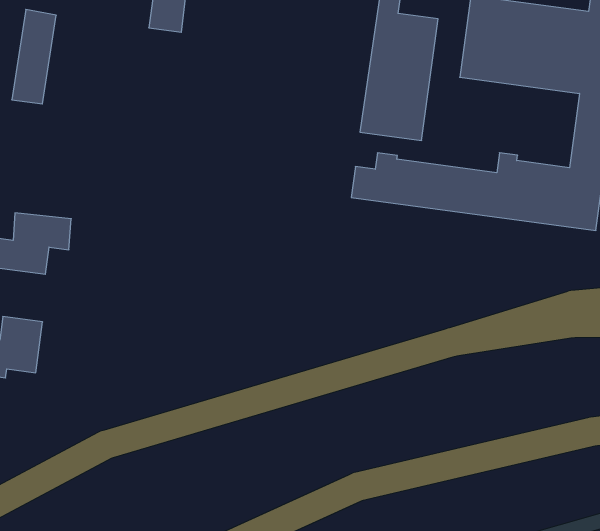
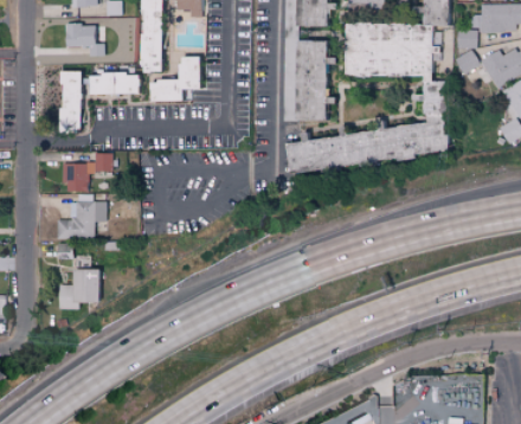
building: none -> [149,56,199,102]
building: none -> [89,72,137,94]
building: none -> [66,152,115,191]

